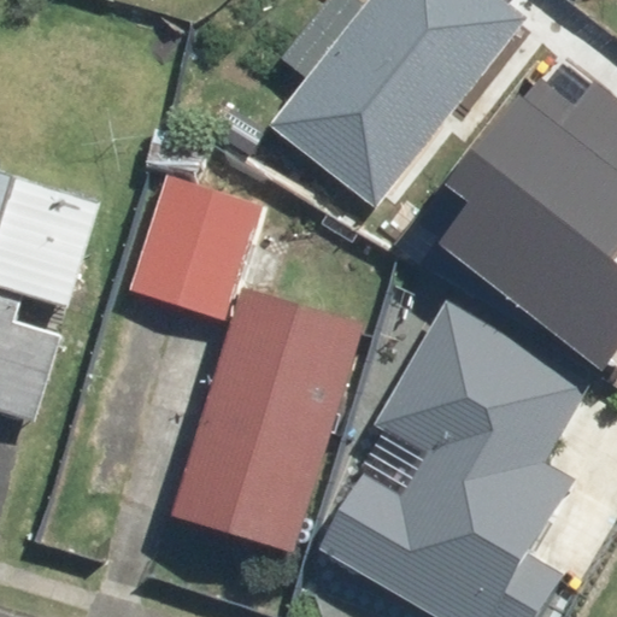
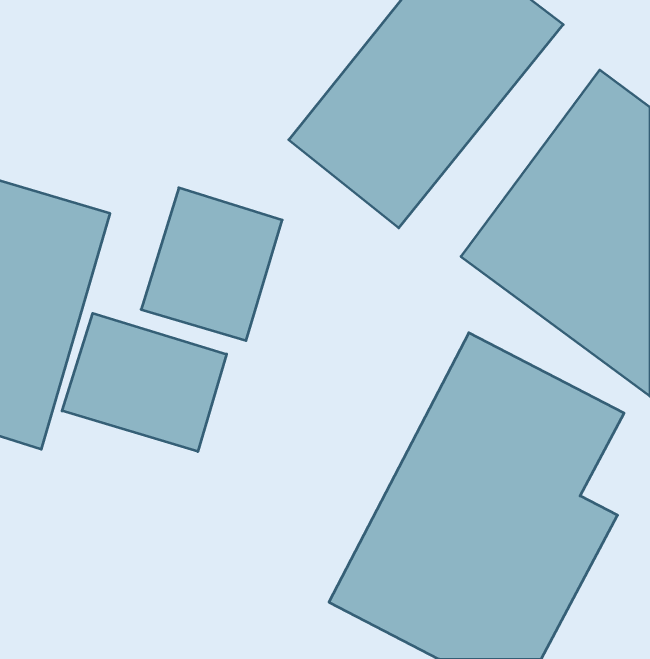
building: [182,283,357,540] -> none
building: none -> [62,313,227,452]

